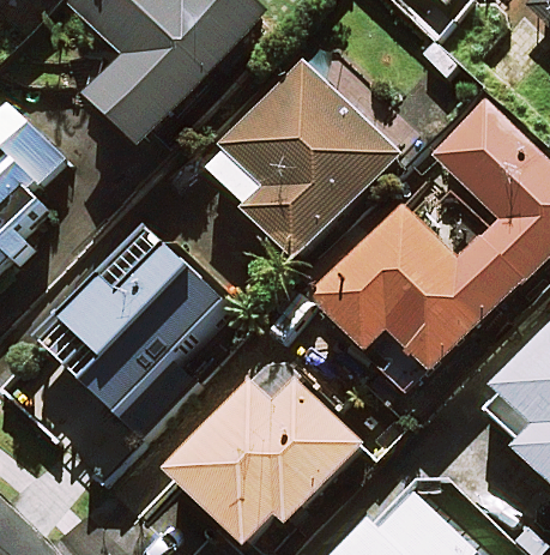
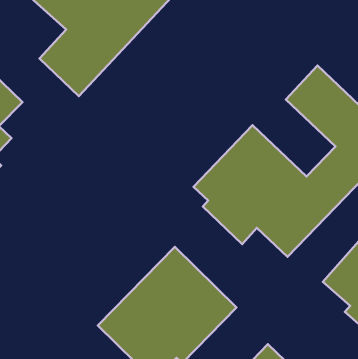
building: [201,62,395,257] -> none
building: [42,227,229,433] -> none

